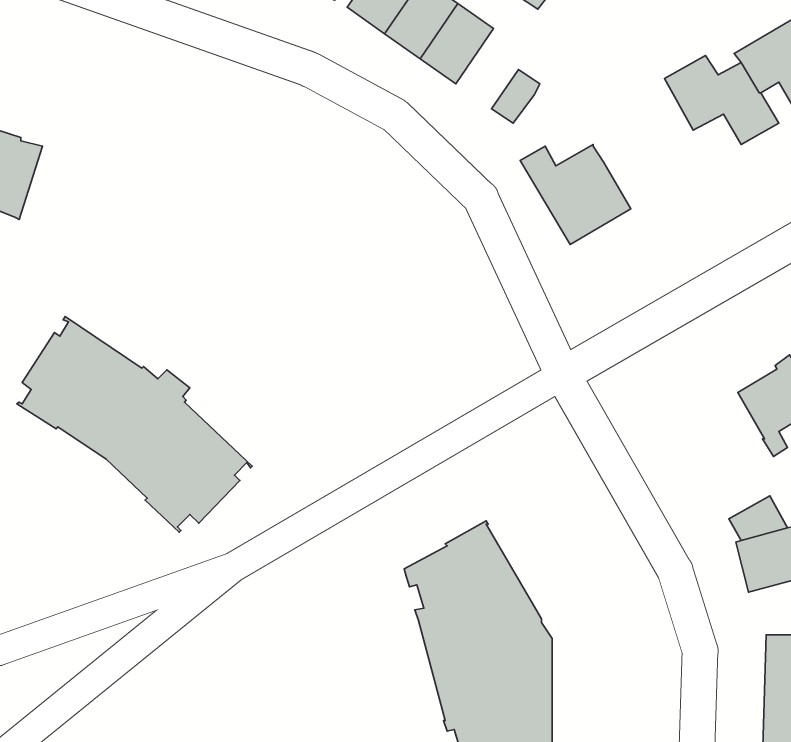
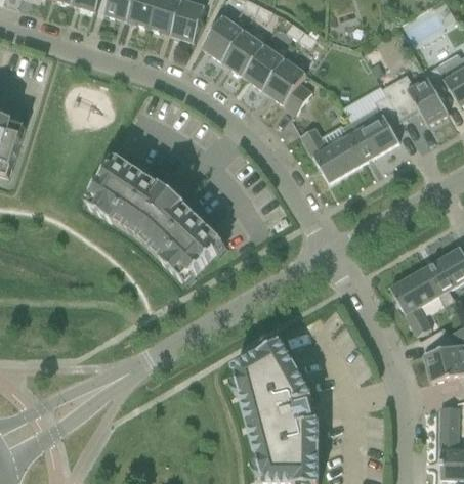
building: none -> [263,58,306,104]
building: none -> [342,87,399,162]
building: [17,316,252,532] -> [88,157,223,280]
building: none -> [389,267,440,336]

